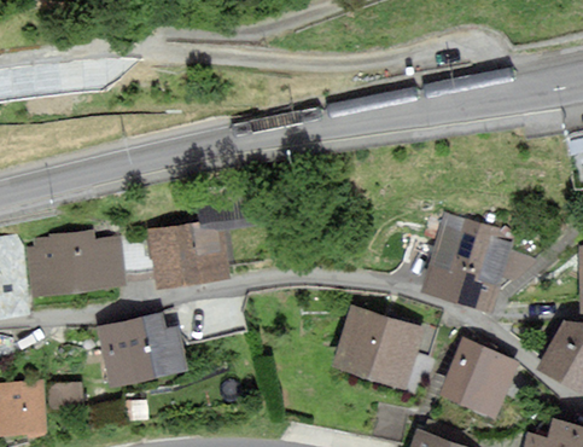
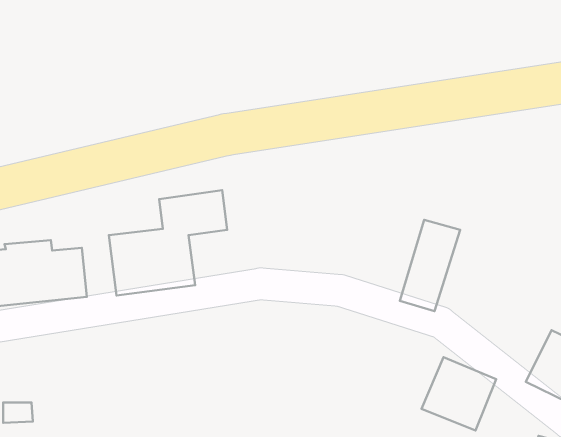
building: [455,224,532,309] -> none
building: [337,308,421,382] -> none
building: [100,314,183,382] -> none

